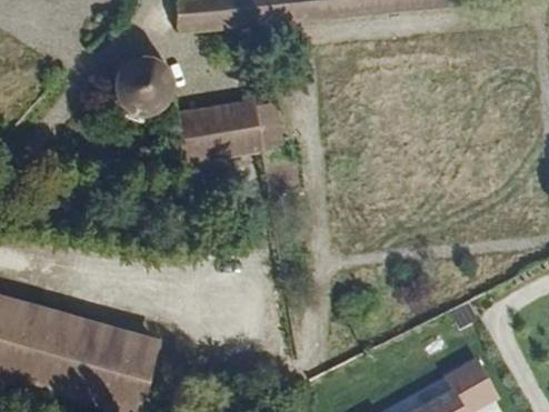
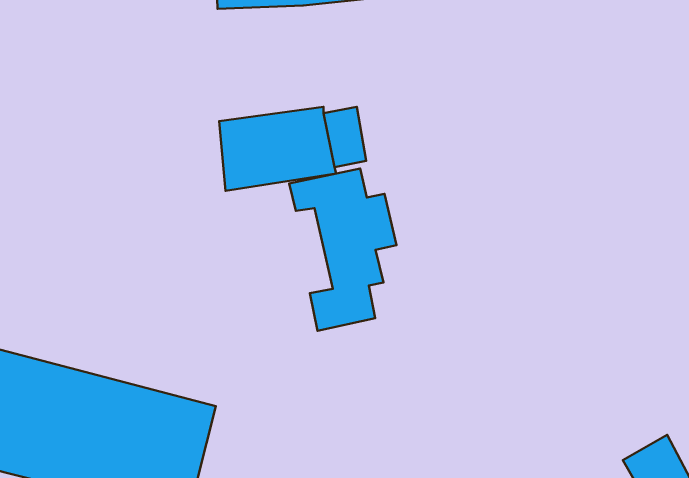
building: [102,64,164,127] -> none
building: none -> [289,168,396,331]

